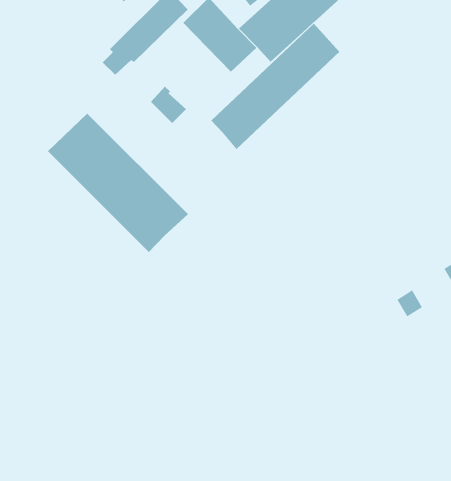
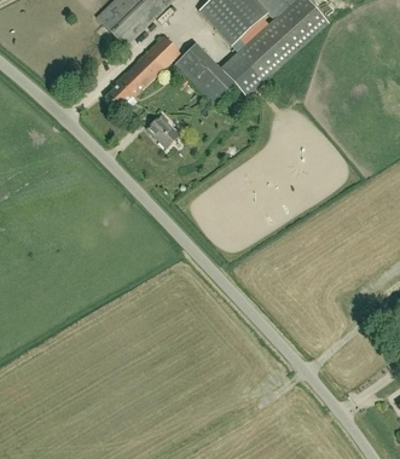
building: [210,23,340,150] -> none
building: [47,113,189,253] -> none

